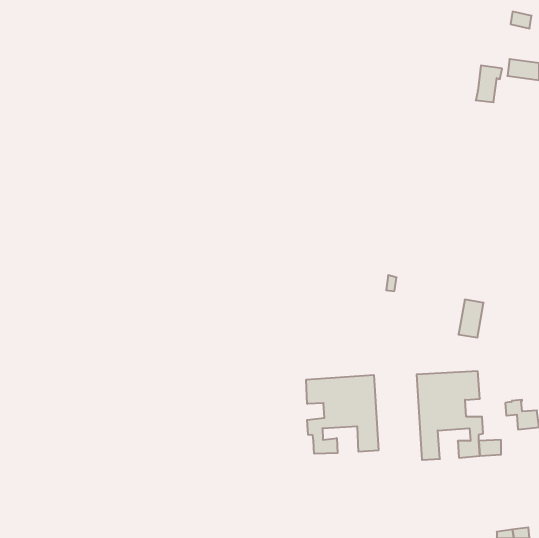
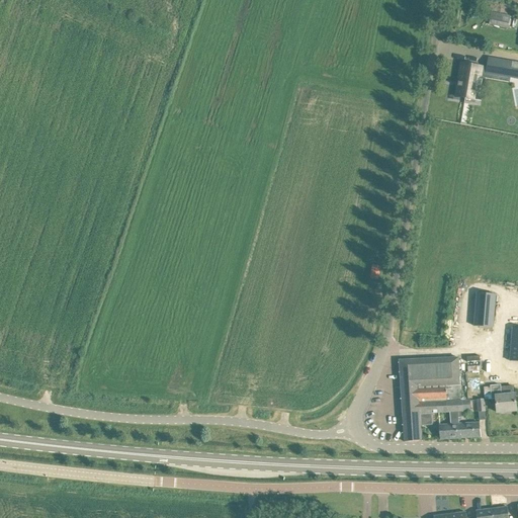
building: [458,300,484,338] -> [471,288,496,325]
building: [306,375,378,454] -> none

